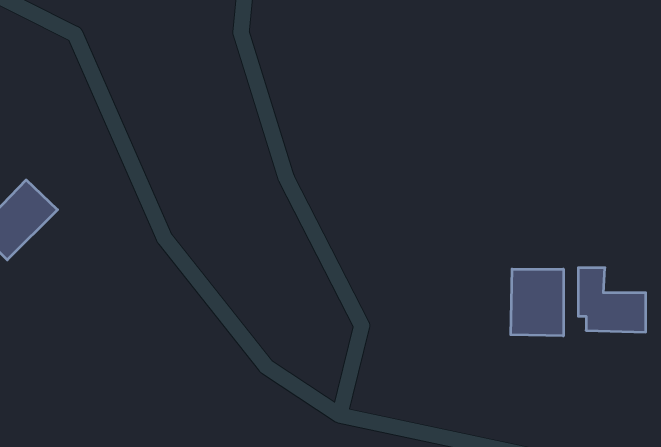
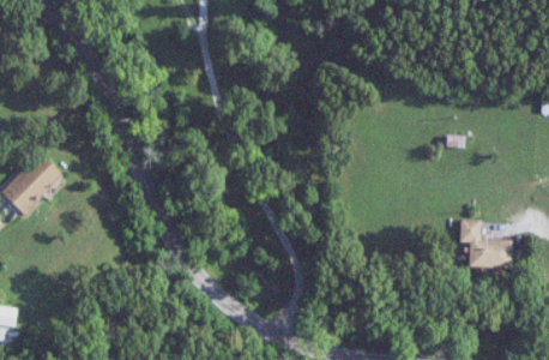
building: [511,269,563,336] -> none

